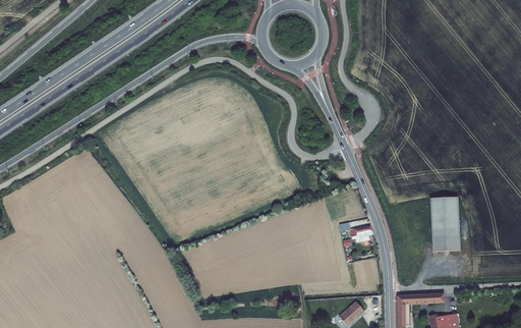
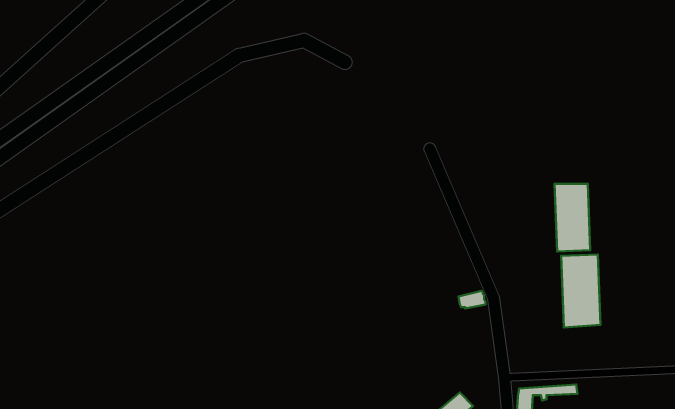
building: none -> [555,184,590,252]

